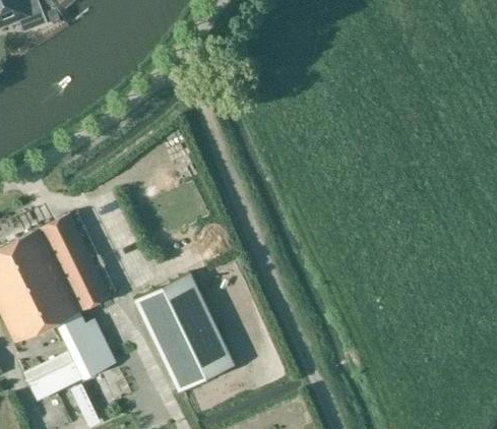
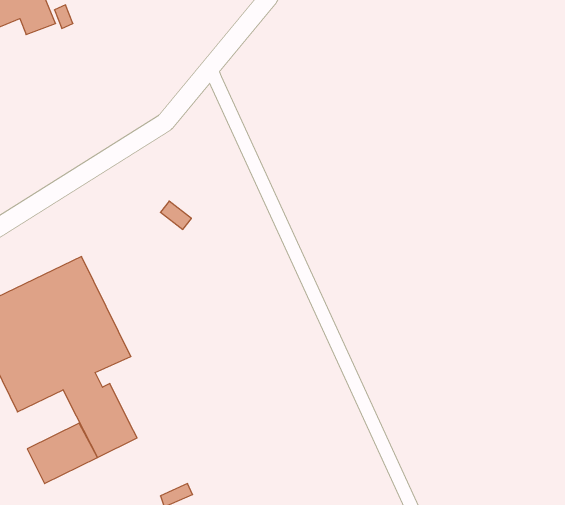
building: [134,272,235,391] -> none

